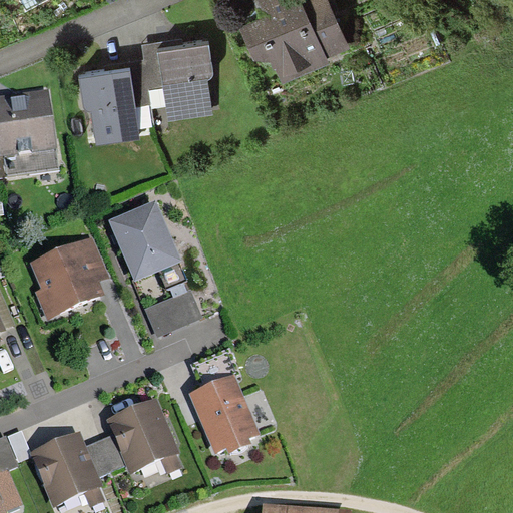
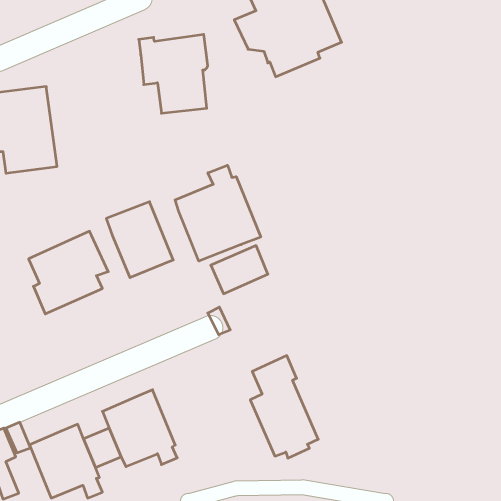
building: [77,56,148,140] -> none
building: none -> [175,165,261,261]
building: [143,289,201,338] -> [211,246,268,294]
building: [189,350,259,454] -> [250,356,318,458]

